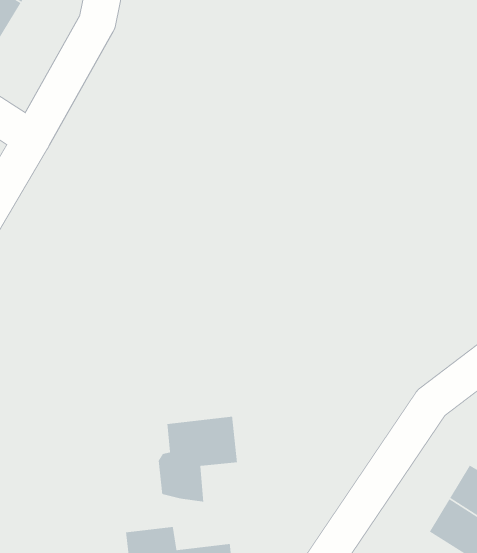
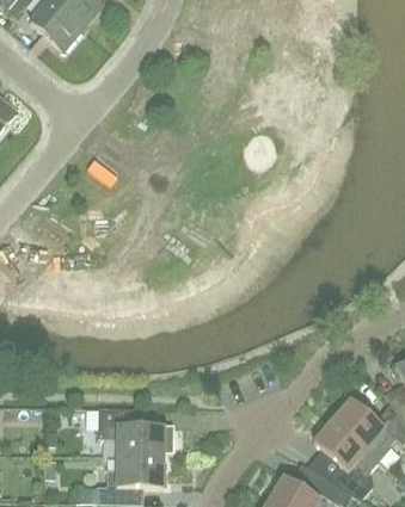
building: [158,416,238,503] -> none

